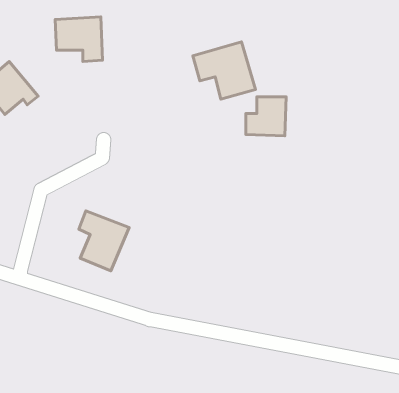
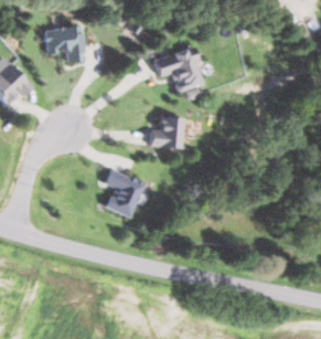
building: [246,97,286,136] -> [152,118,184,149]
building: [79,211,129,271] -> [106,171,146,219]

